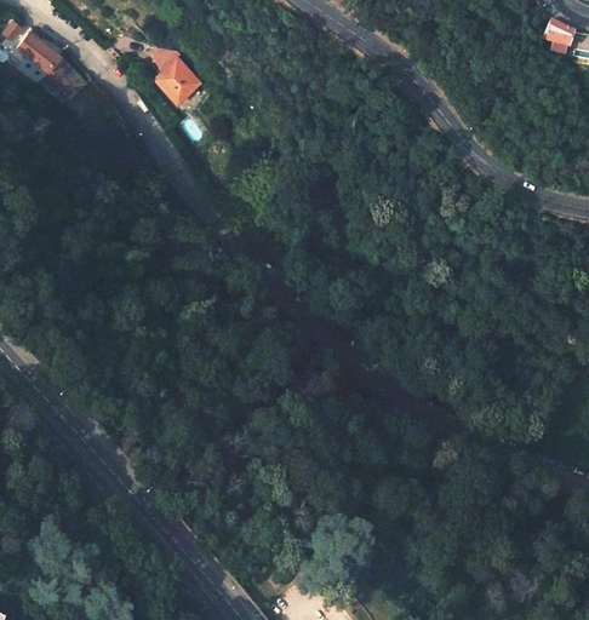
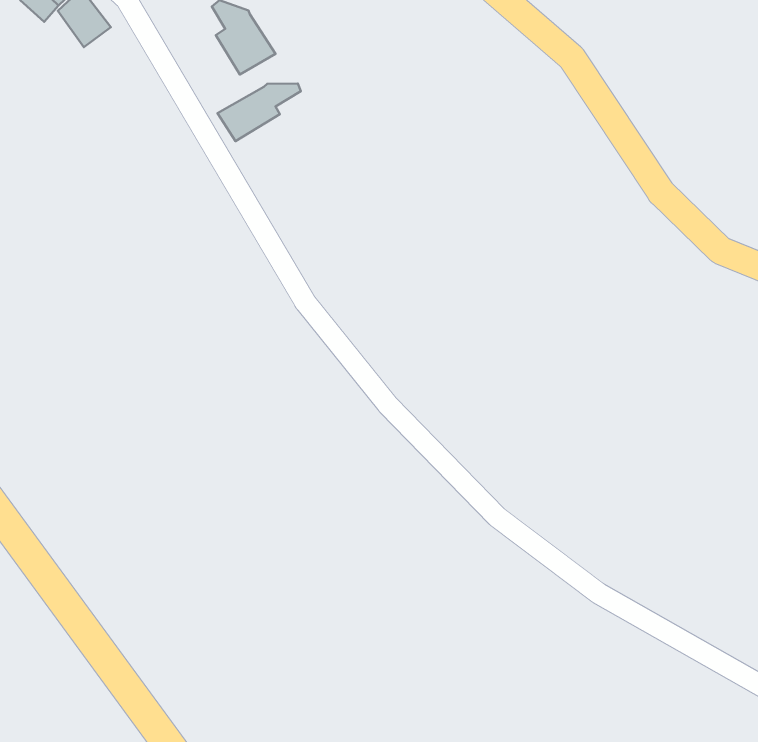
building: none -> [218,84,301,141]

